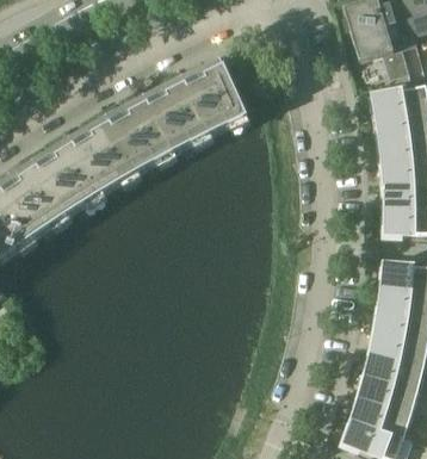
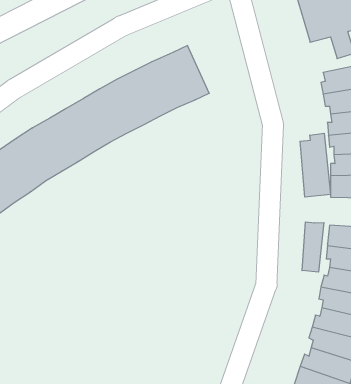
building: none -> [300,133,331,197]
building: none -> [302,222,324,272]

